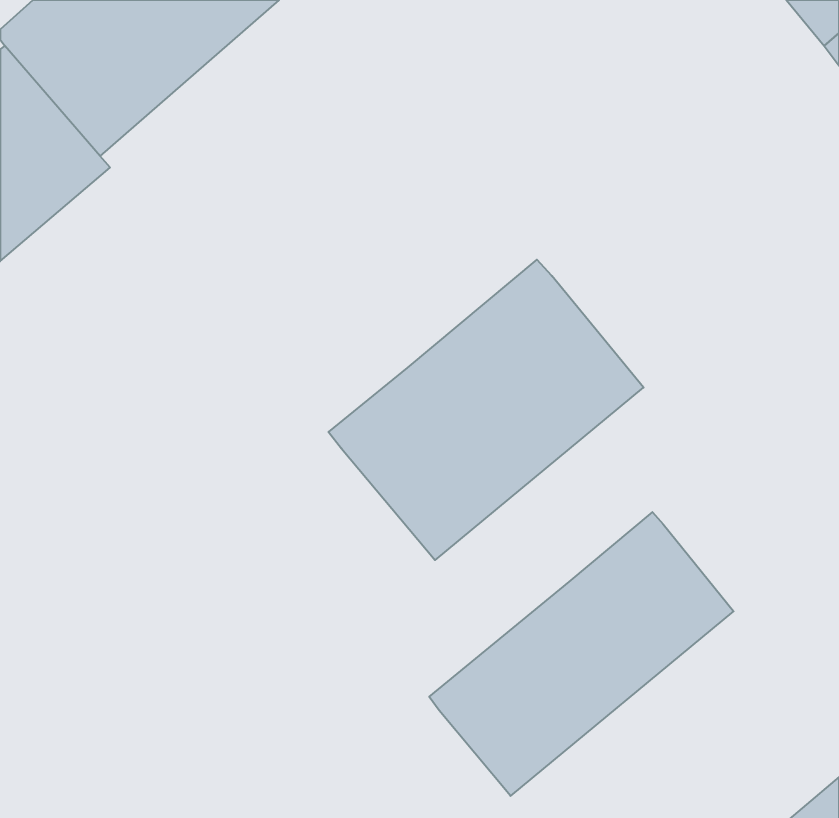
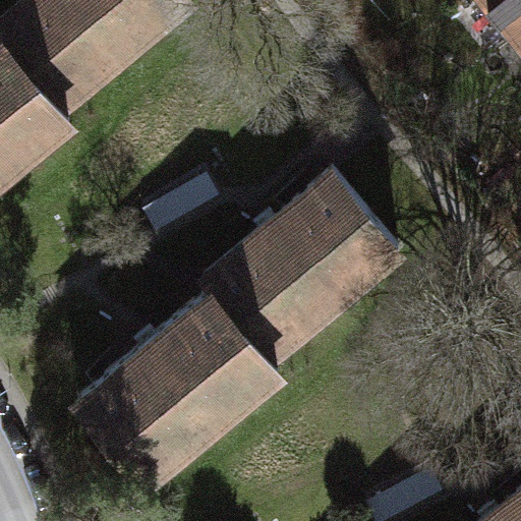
building: none -> [77,291,278,482]
building: [429,512,734,796] -> none

